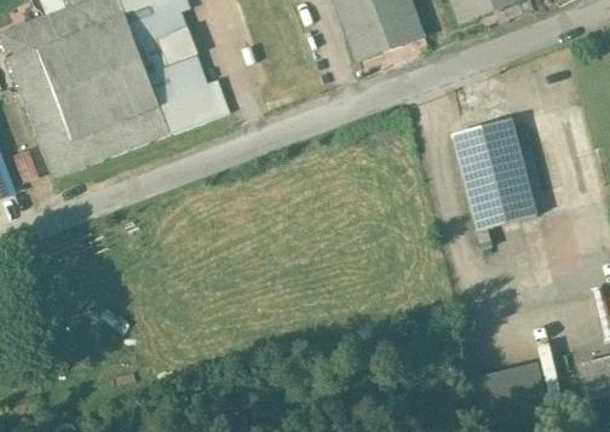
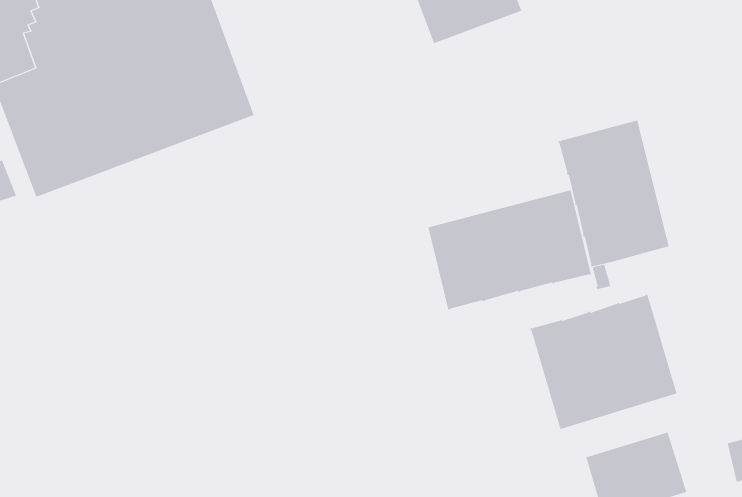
building: none -> [428,190,592,311]
building: none -> [529,293,677,430]

